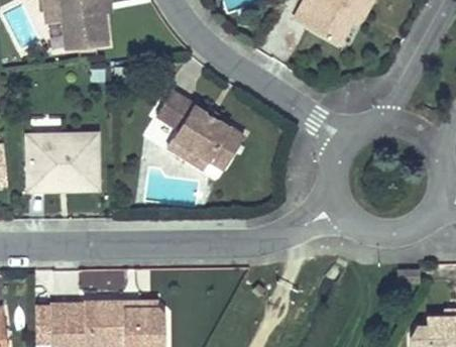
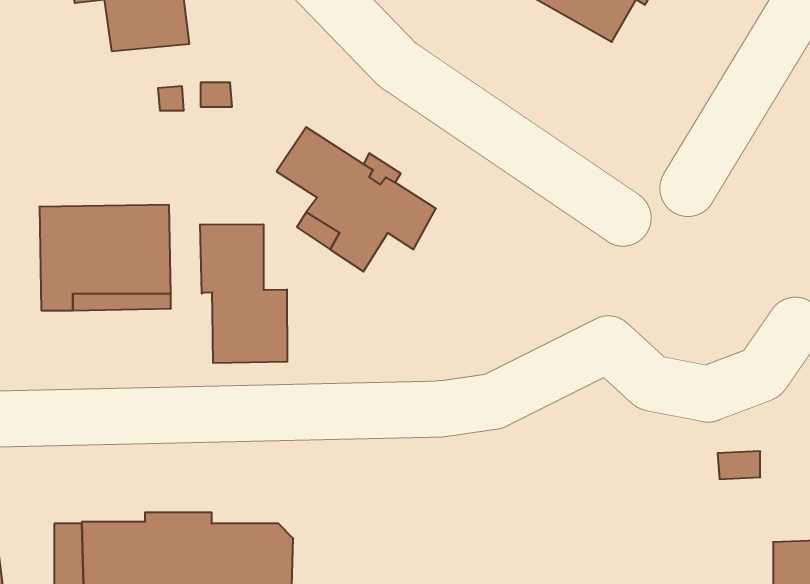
building: none -> [200,224,287,363]

